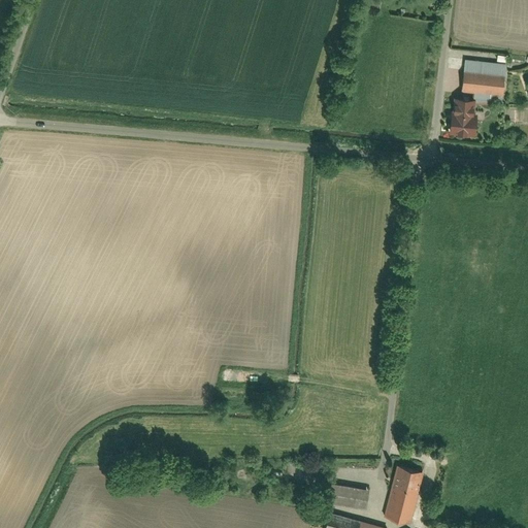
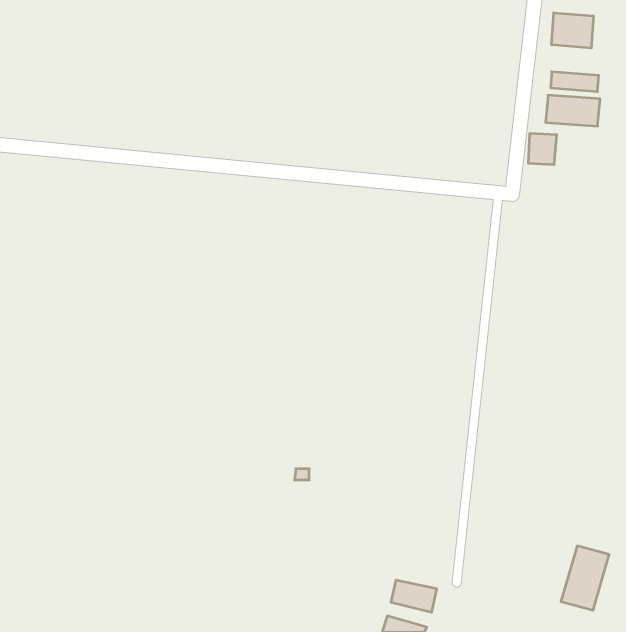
building: none -> [552,13,593,48]
building: [386,469,426,523] -> [561,546,609,610]

